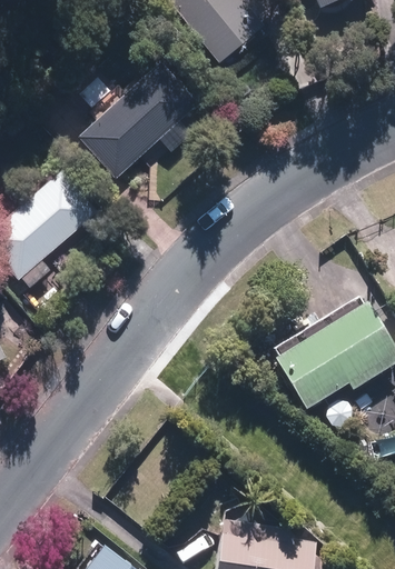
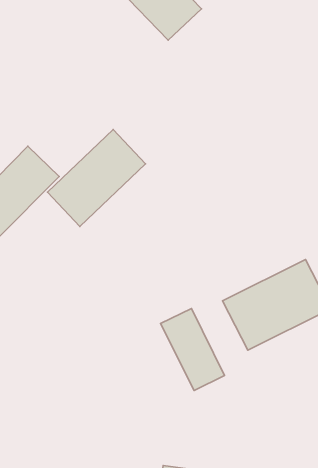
building: [82,70,190,177] -> [47,129,145,227]
building: none -> [160,308,224,391]

